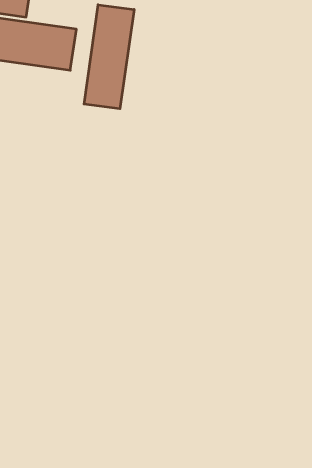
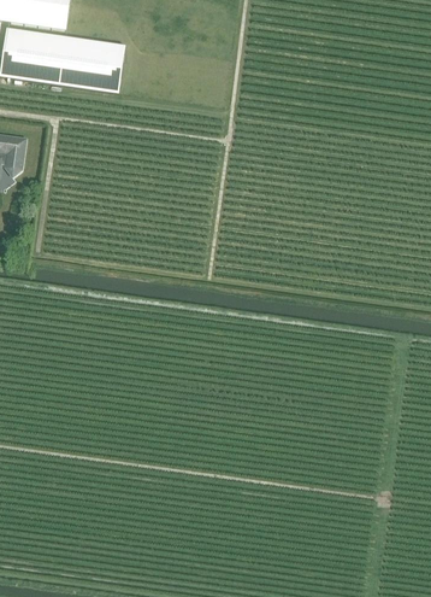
building: [84,5,134,109] -> none

